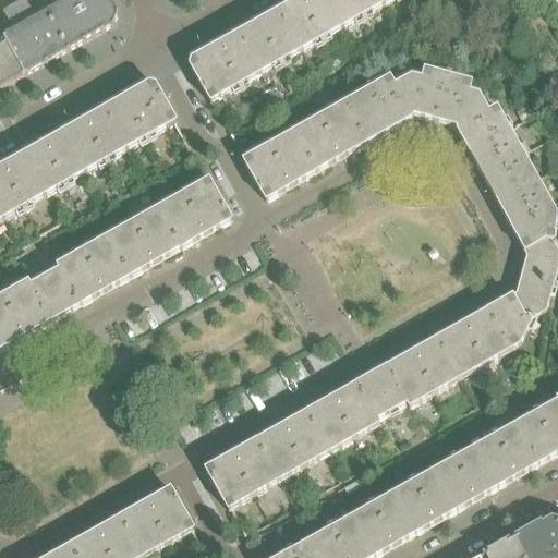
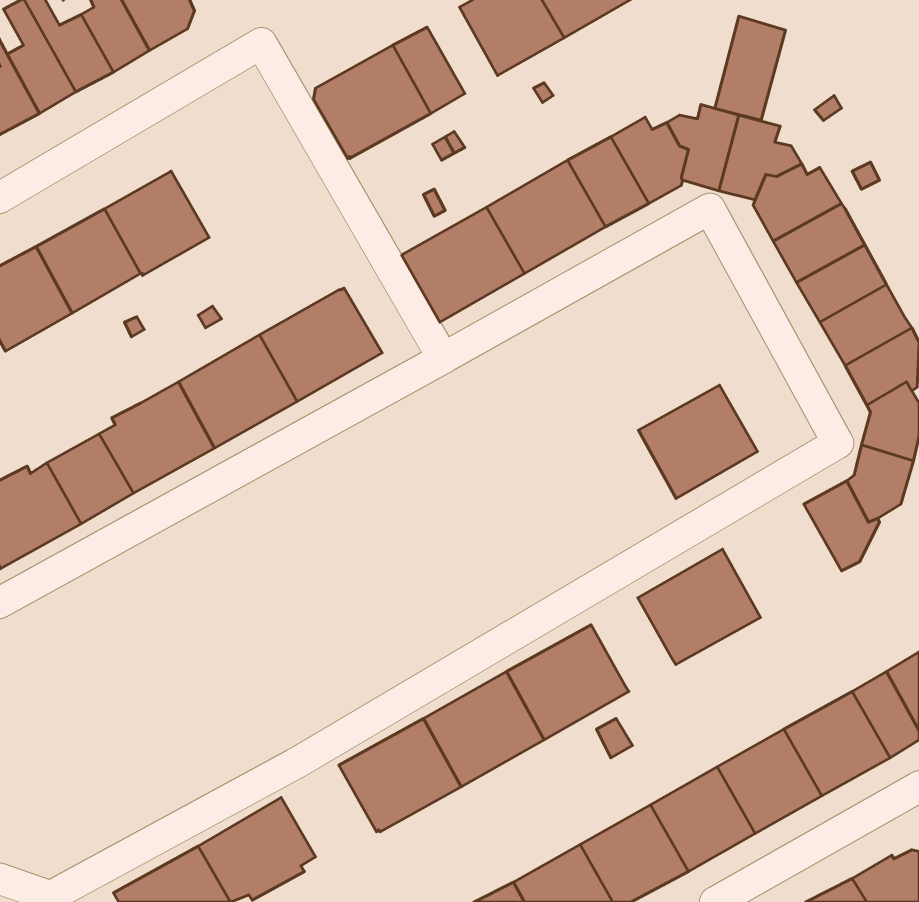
building: [258,4,301,57] -> none
building: none -> [715,16,786,120]
building: [104,77,175,144] -> none
building: [437,305,509,374] -> [638,385,757,498]
building: [357,362,407,415] -> none

